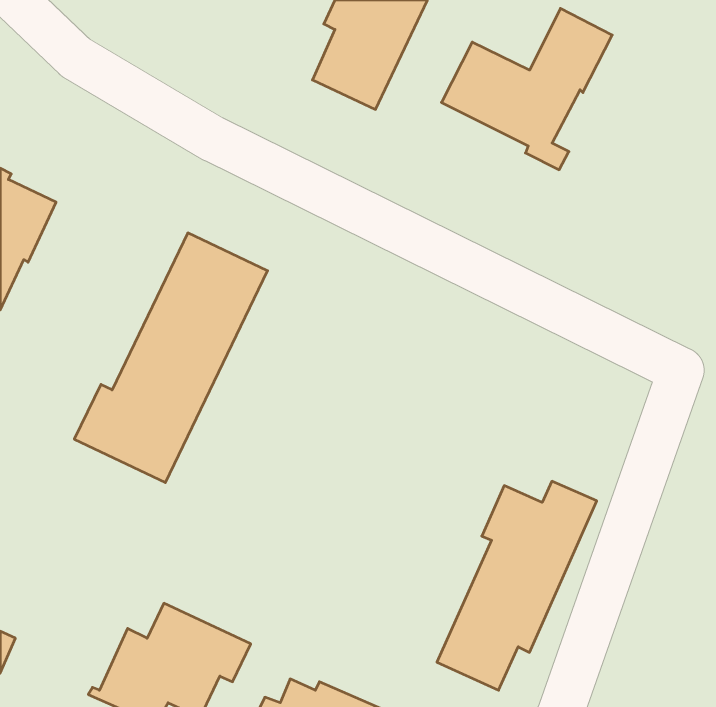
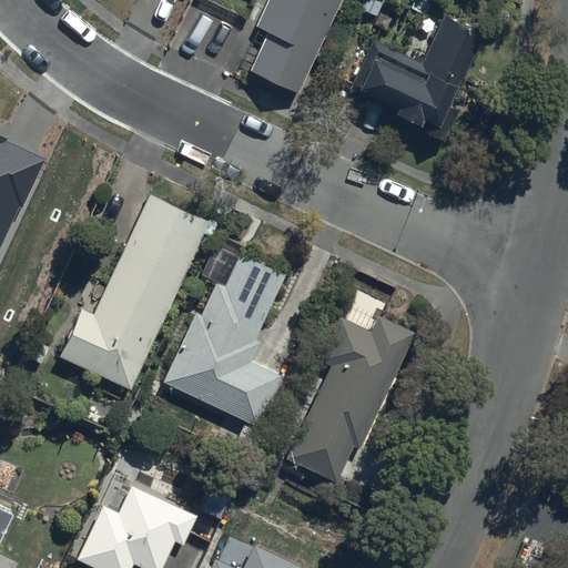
building: none -> [161,253,284,428]
building: [437,481,597,690] -> [286,316,413,481]

